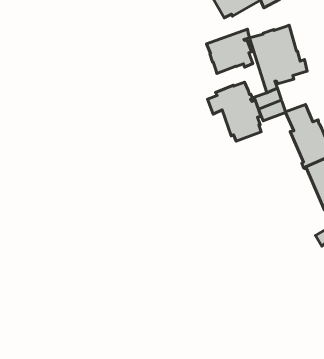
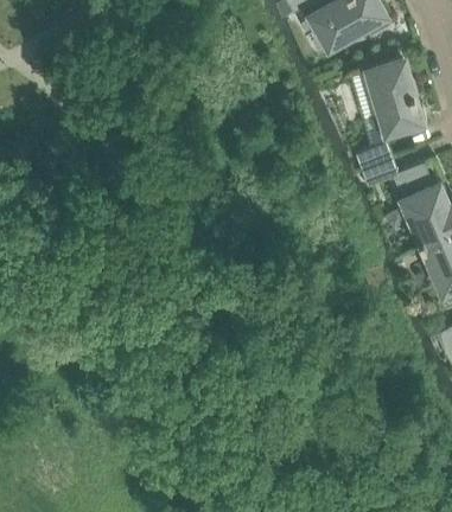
building: [206,29,253,74] -> none
building: [207,82,261,141] -> none

